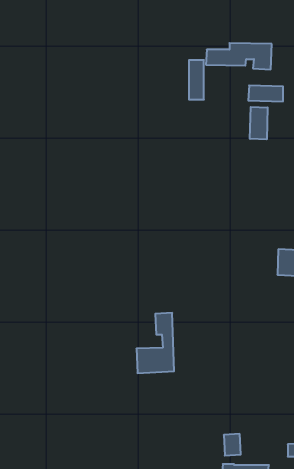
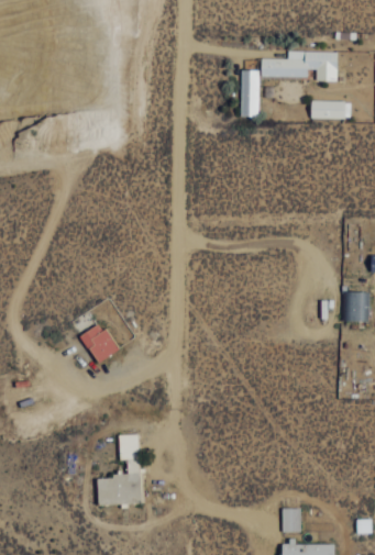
building: [250,107,268,139] -> none
building: none -> [81,324,118,364]
building: [136,313,174,373] -> [97,435,141,506]

